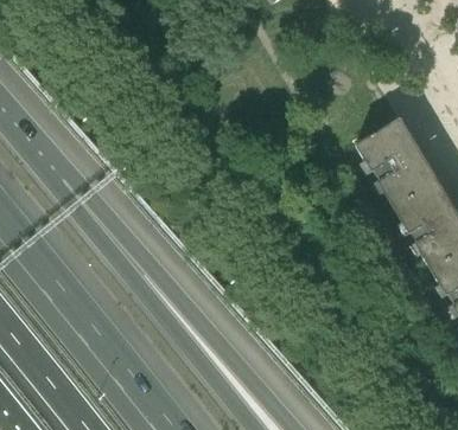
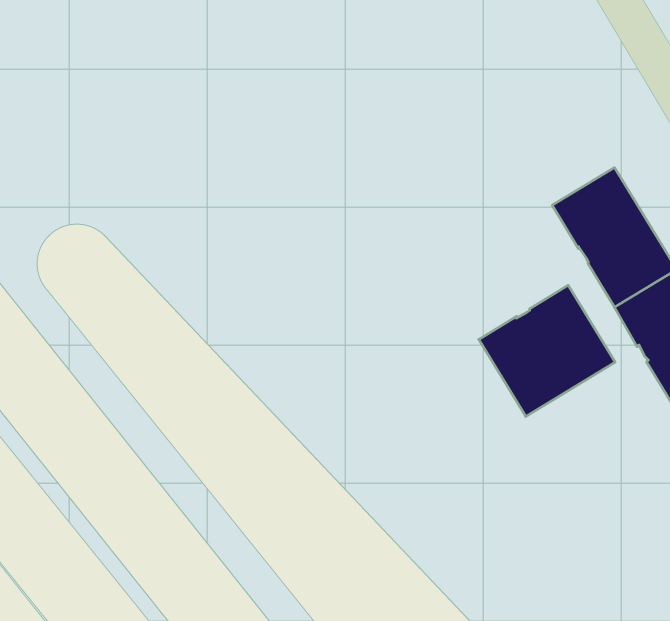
building: none -> [479,285,615,417]

